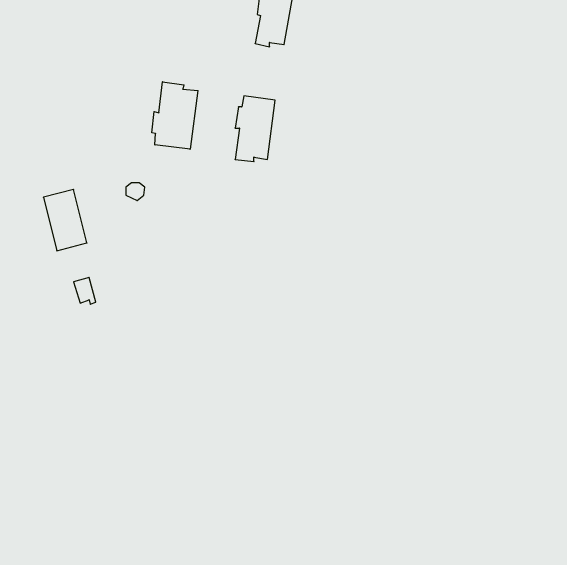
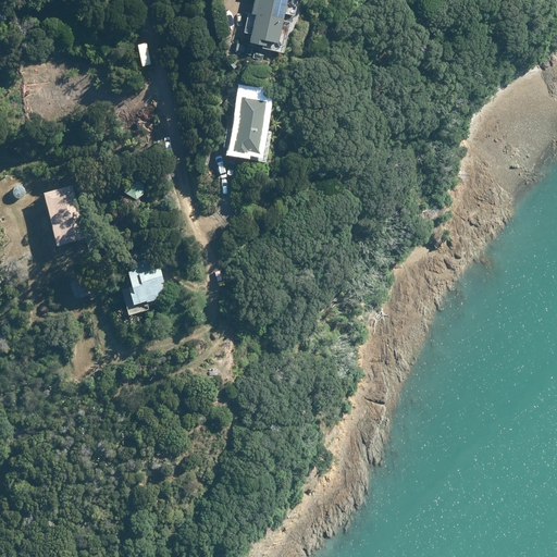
building: [152,82,198,149] -> none
building: none -> [127,259,163,306]

